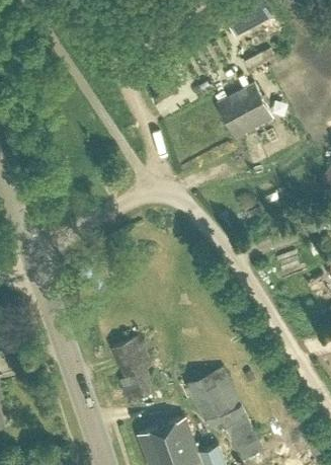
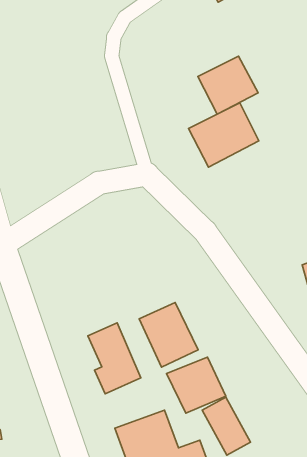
building: none -> [189,103,259,167]
building: none -> [139,303,198,367]

